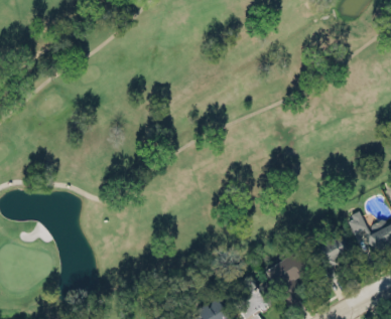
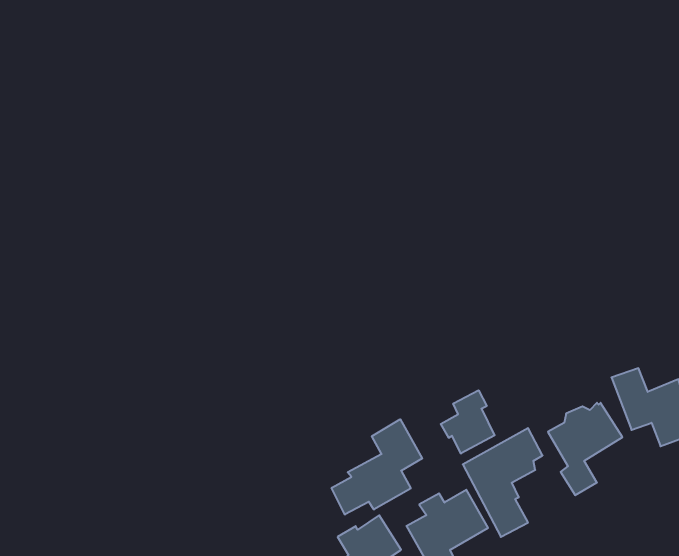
building: none -> [441,390,495,454]
building: none -> [332,419,422,515]

